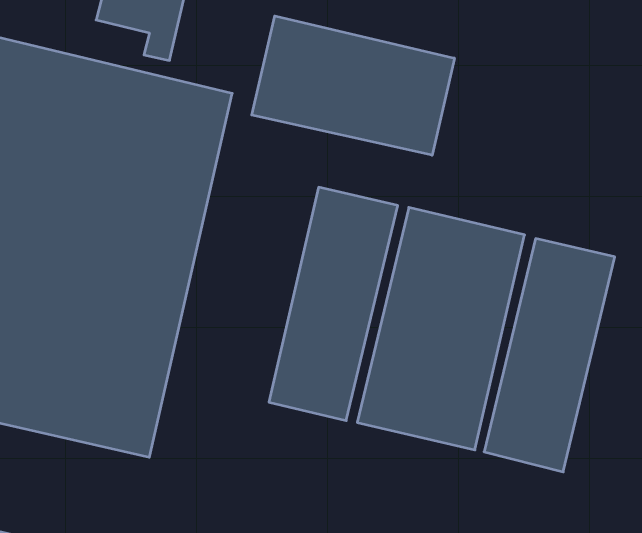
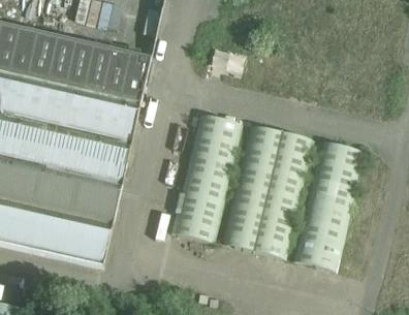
building: [252,16,454,155] -> none

